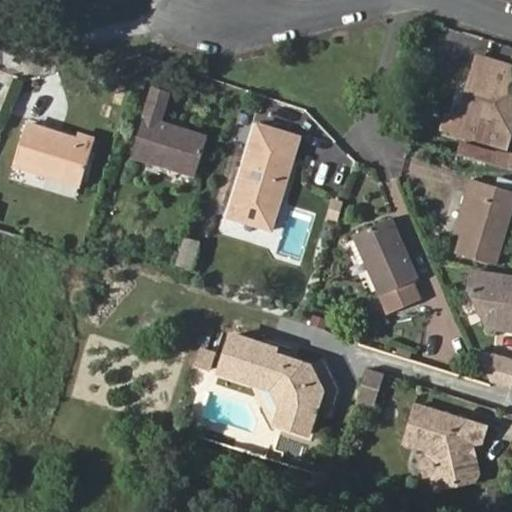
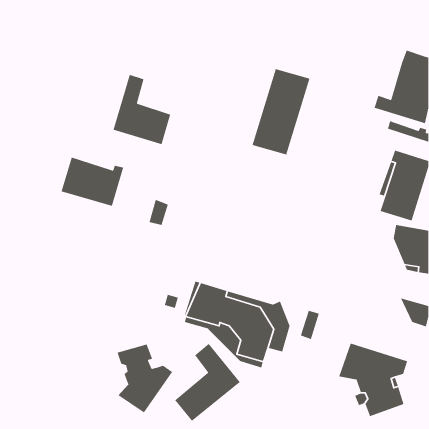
building: [16,124,92,184] -> [60,156,124,207]
building: [230,125,300,229] -> [252,68,310,155]
building: [355,220,417,311] -> none
building: none -> [174,343,241,422]
building: none -> [117,343,173,414]

